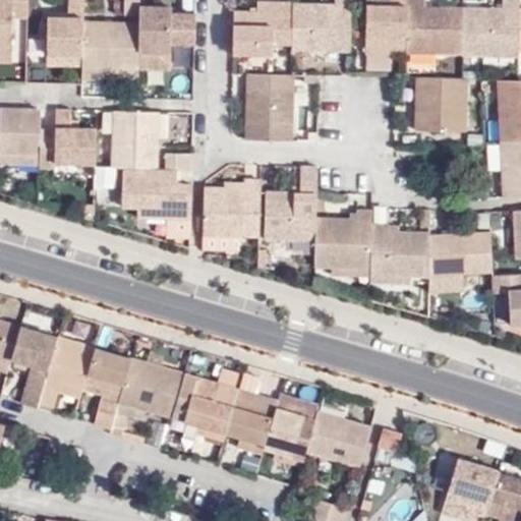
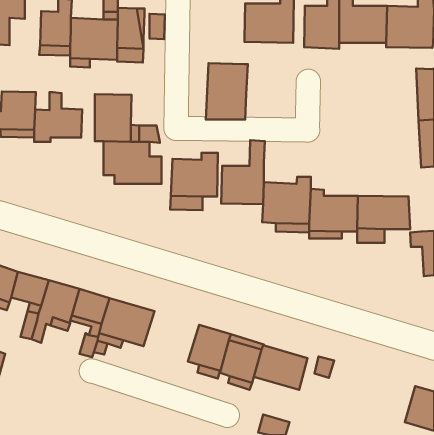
building: [233,4,292,58] -> none
building: [413,79,465,132] -> none
building: [171,370,237,439] -> none
building: [438,447,496,514] -> none

